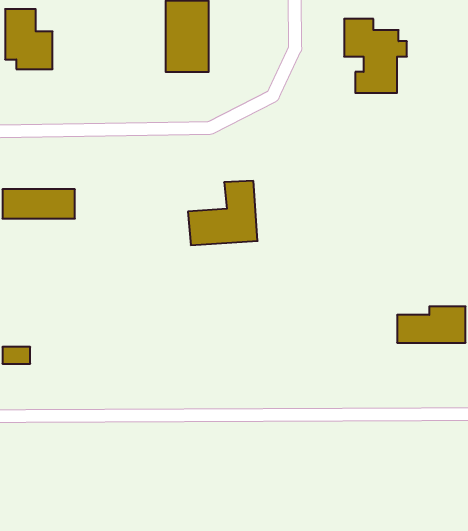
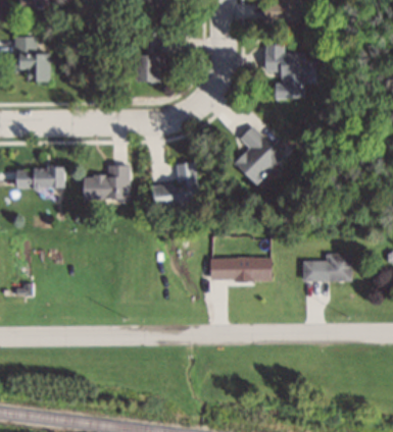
building: none -> [232,124,282,184]
building: none -> [80,165,130,201]
building: none -> [208,257,271,280]

